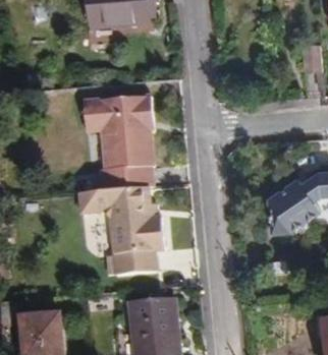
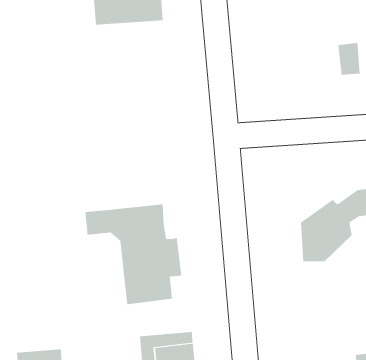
building: [83,95,153,190] -> none

